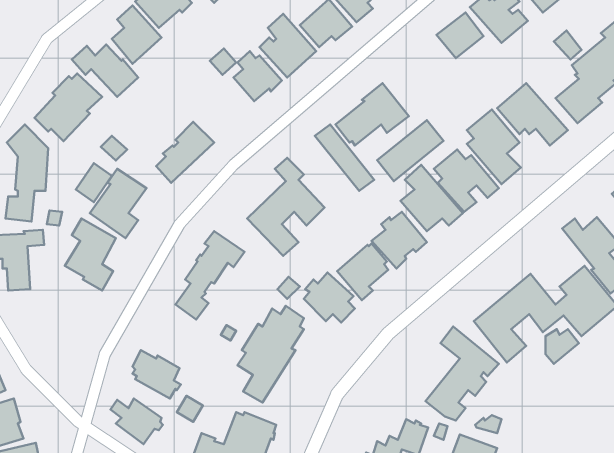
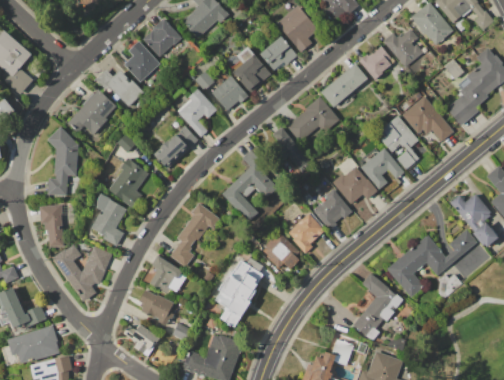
building: none -> [170,88,217,136]
building: [377,120,444,181] -> [321,62,369,106]
building: none -> [53,244,112,301]
building: none -> [149,255,186,295]

